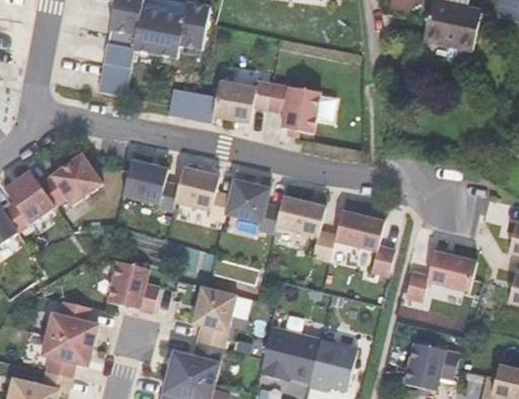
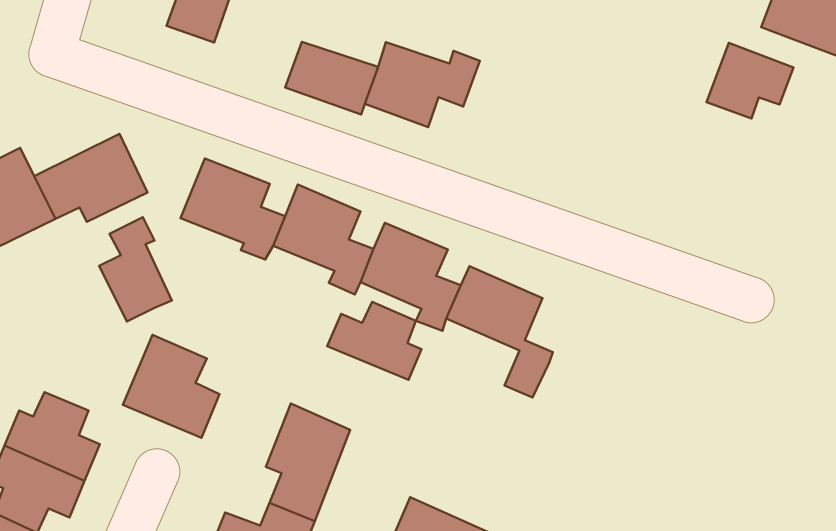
building: none -> [707,43,794,119]
building: [267,83,320,134] -> none
building: none -> [99,217,172,322]
building: [336,211,395,275] -> none
building: none -> [327,302,422,380]
building: [405,250,476,301] -> none

